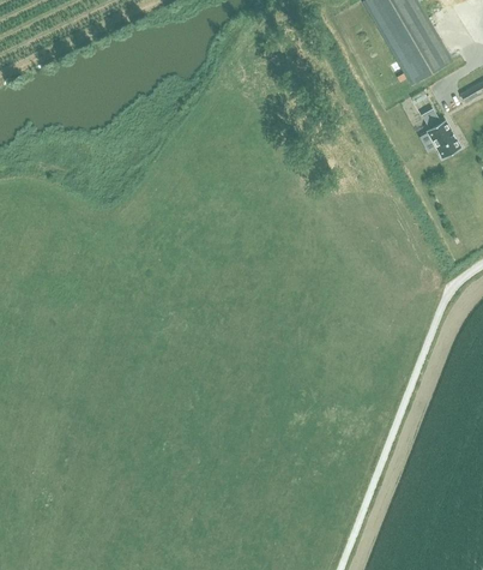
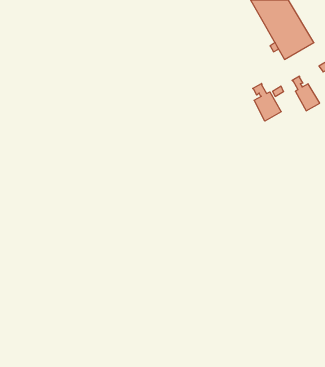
building: none -> [253,83,281,121]

